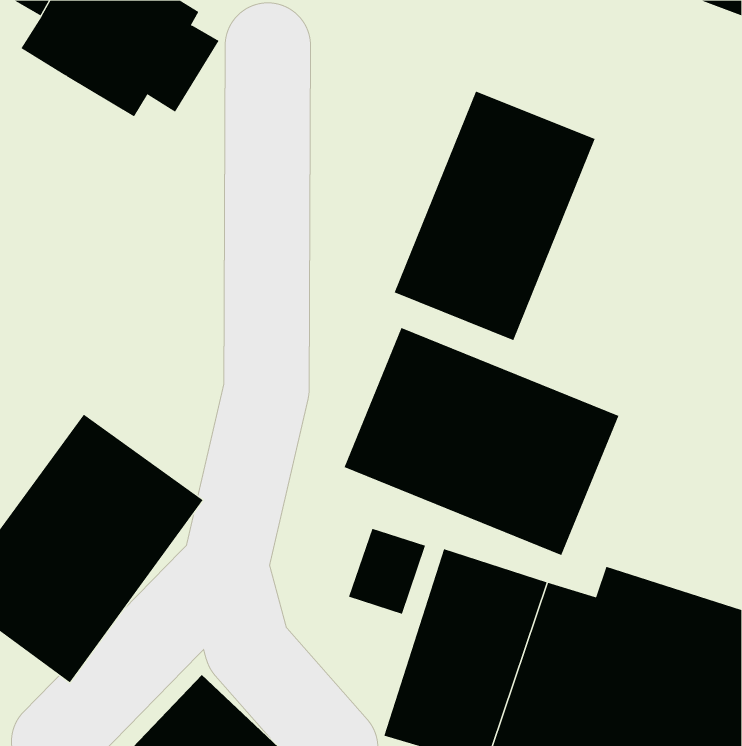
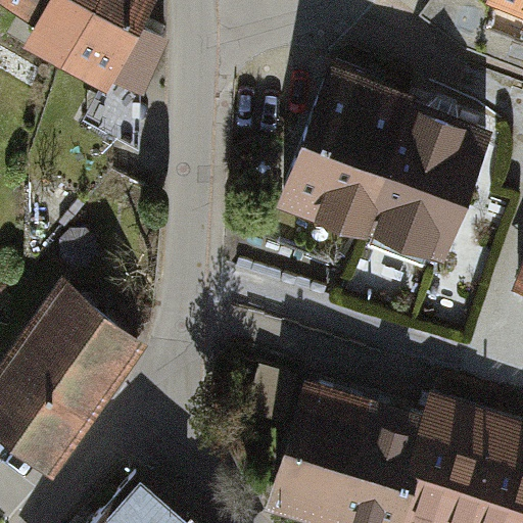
building: none -> [359,98,498,273]
building: [344,327,619,556] -> none

